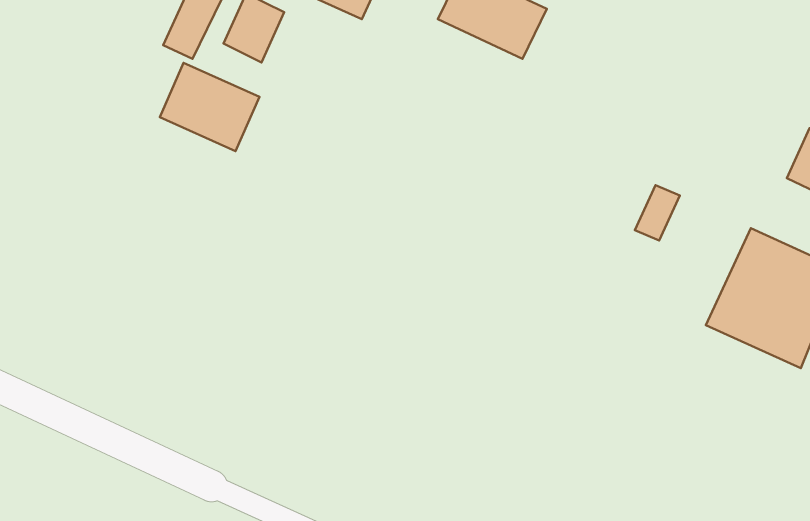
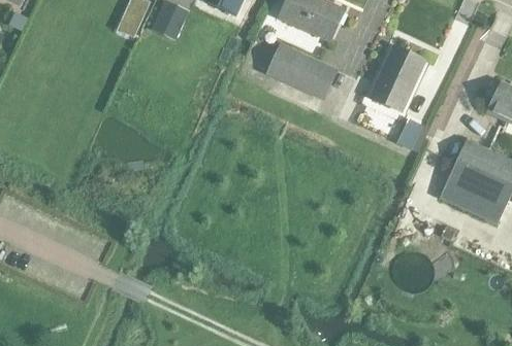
building: [160,63,259,151] -> none
building: none -> [267,42,338,97]
building: none -> [371,45,424,110]

